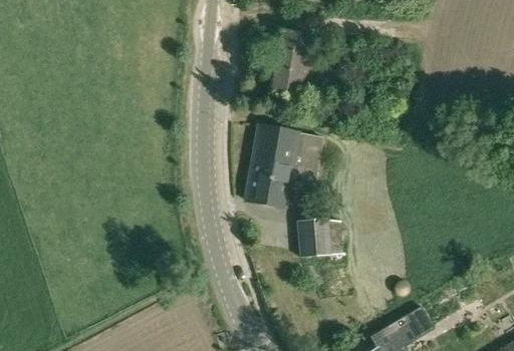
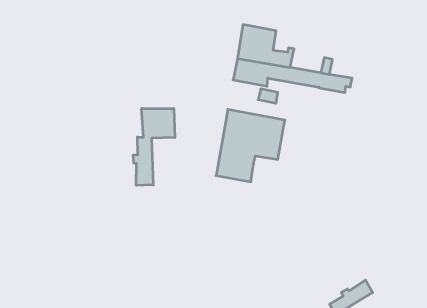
building: none -> [133,108,175,185]
building: [297,218,330,256] -> none

